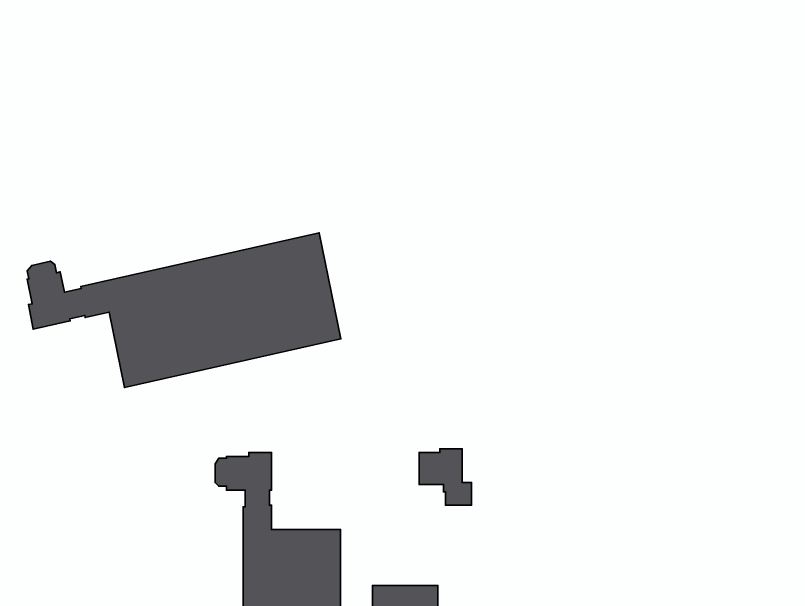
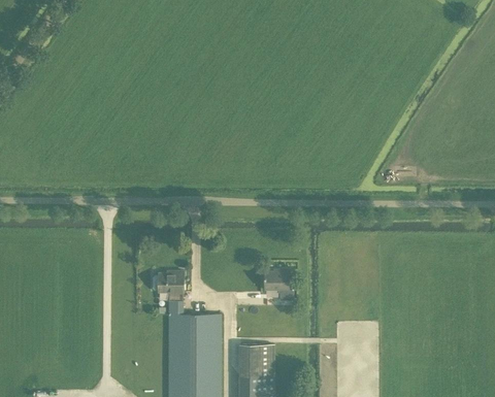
building: [27,233,341,387] -> none

